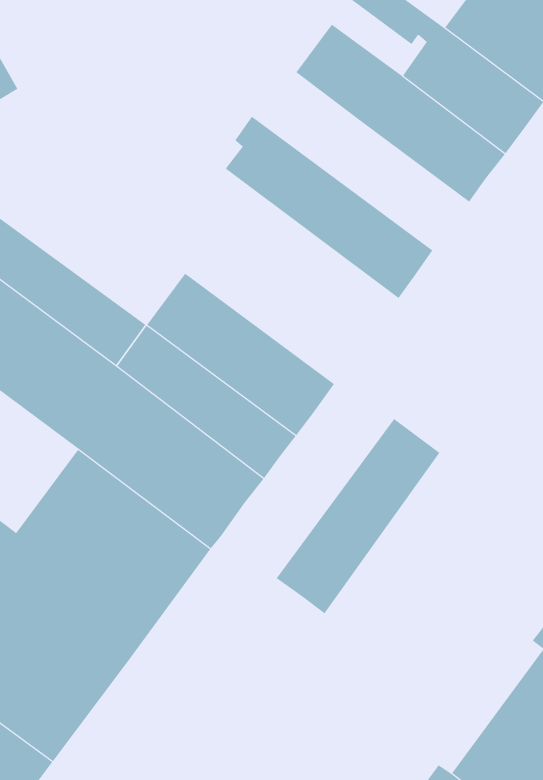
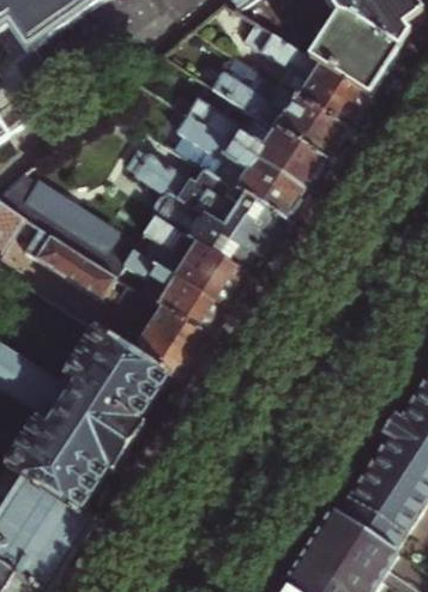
building: none -> [187,99,325,191]
building: none -> [127,147,285,277]
building: [276,418,440,614] -> none

